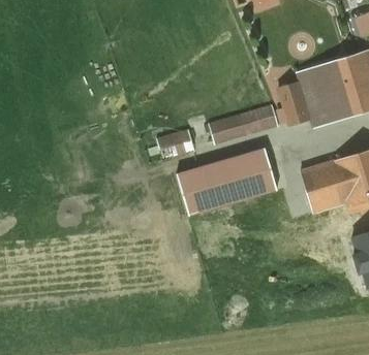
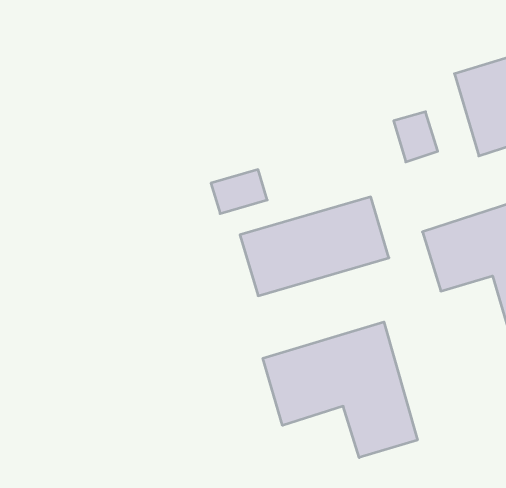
building: [297,64,338,127] -> none
building: [208,105,278,143] -> none
building: none -> [263,322,417,458]

